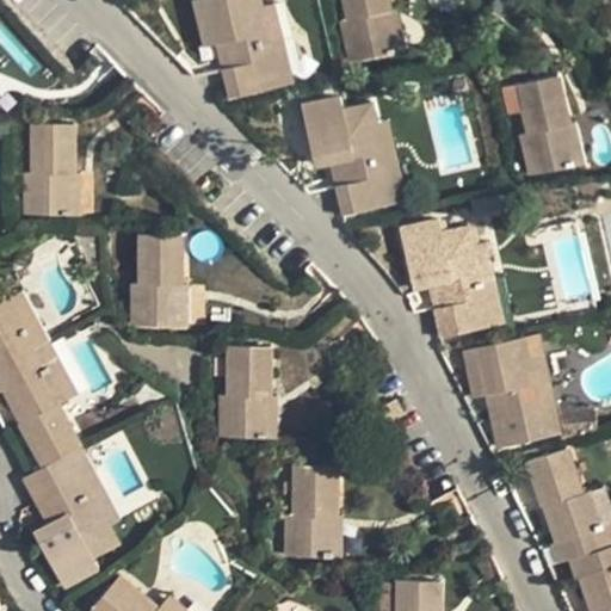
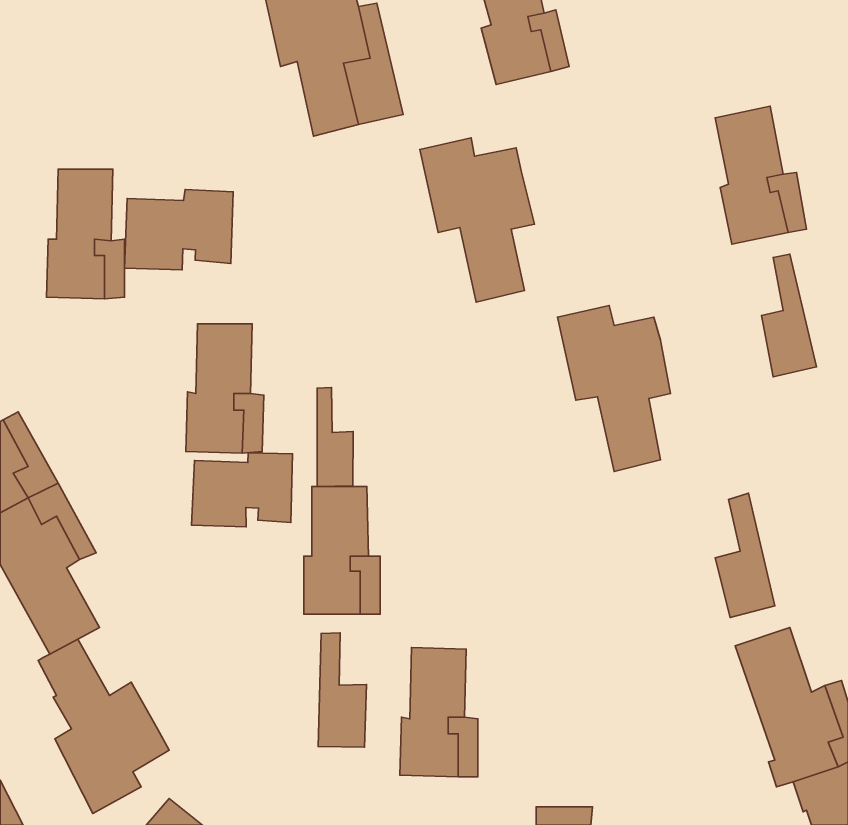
building: [368,121,407,209] -> none
building: none -> [124,190,233,270]
building: [467,242,506,331] -> [762,254,816,377]
building: none -> [317,387,353,486]
building: none -> [191,453,293,527]
building: [457,339,532,452] -> none
building: [56,444,126,524] -> none
building: none -> [318,633,366,747]

